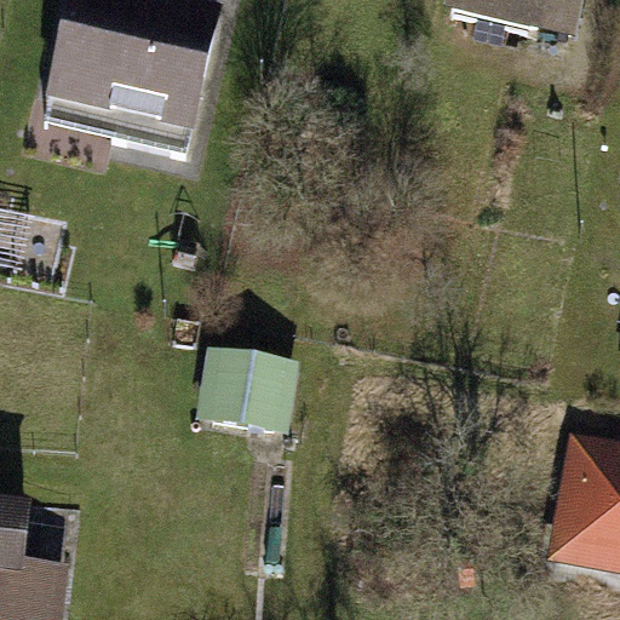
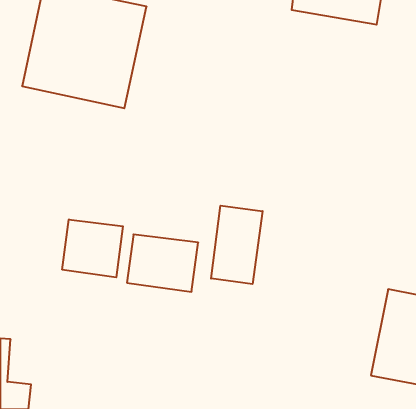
building: none -> [211,206,263,284]
building: none -> [62,219,123,277]

